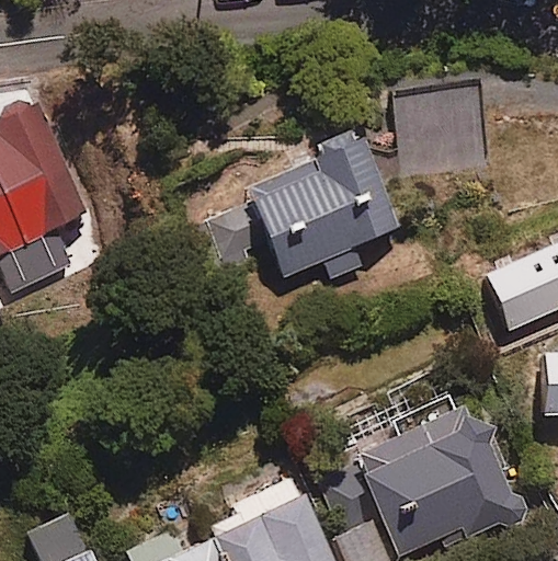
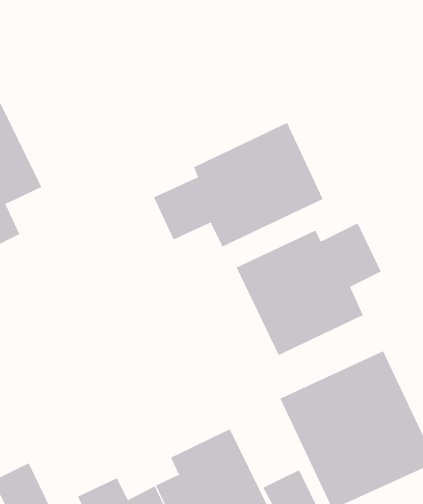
building: [400,84,489,172] -> none
building: none -> [236,222,382,356]

